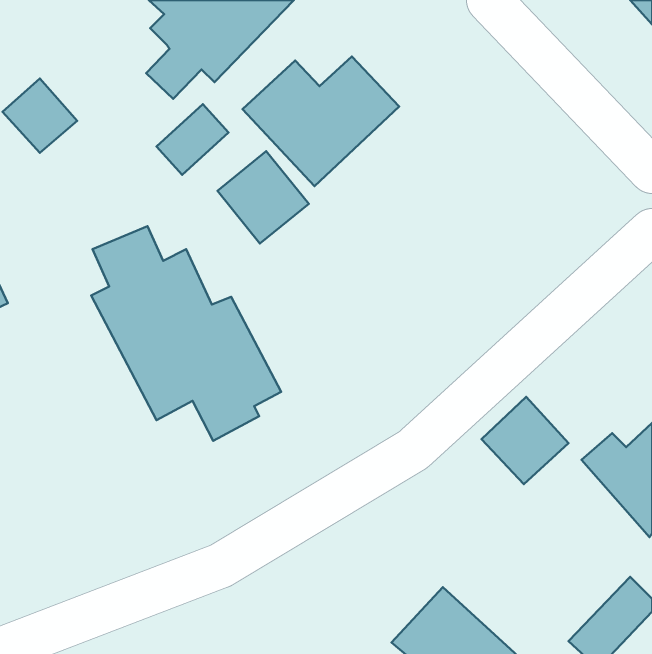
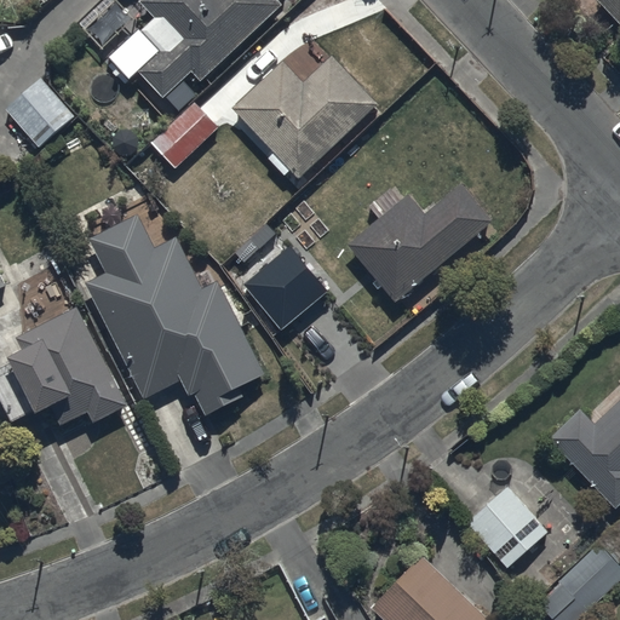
building: [218,151,309,244] -> [243,247,329,334]
building: none -> [348,183,494,304]
building: none -> [12,304,126,426]
building: [481,397,569,484] -> [465,487,547,569]

